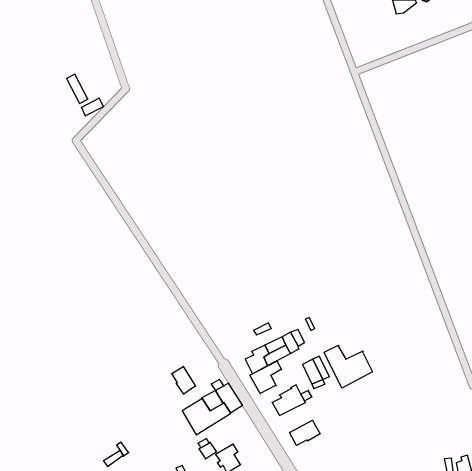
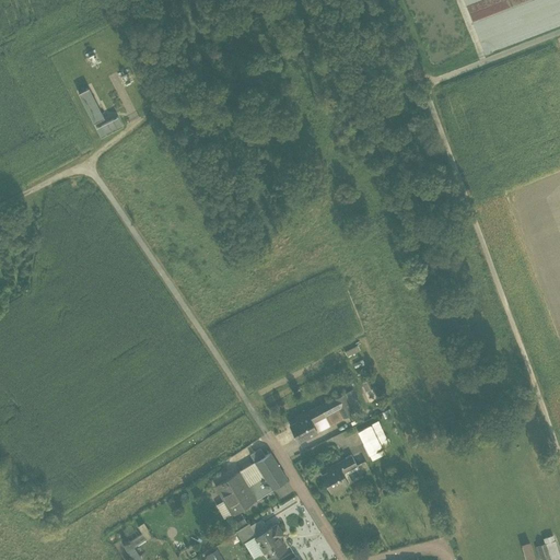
building: [324,345,372,388] -> none
building: [250,361,281,394] -> none
building: [172,366,196,394] -> none
building: [290,420,320,445] -> none

